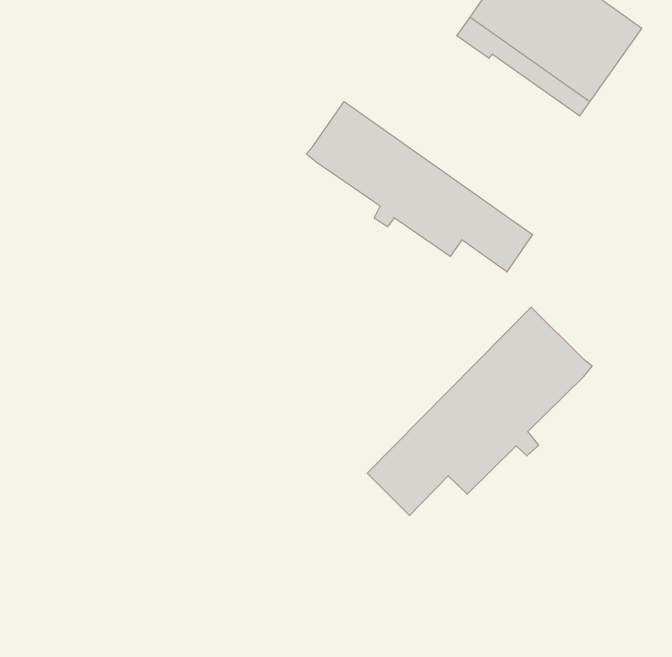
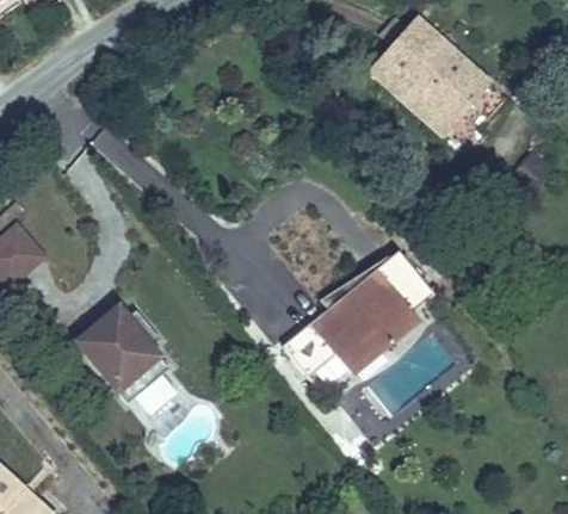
building: [306,102,533,272] -> none
building: none -> [80,314,173,407]

